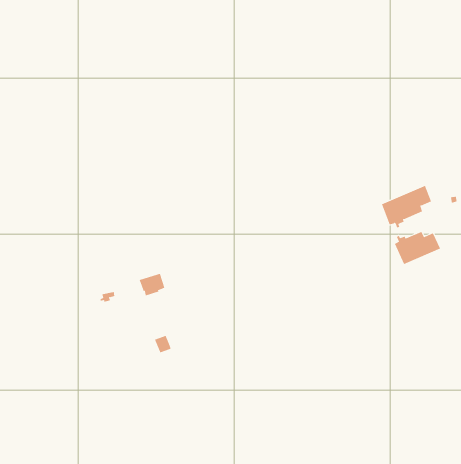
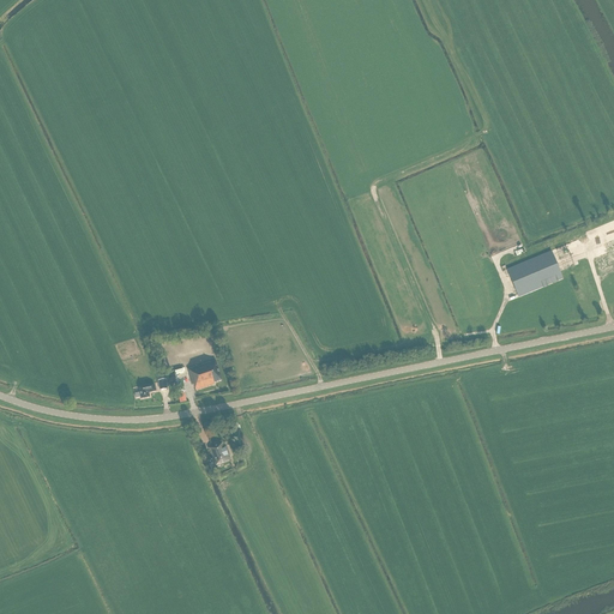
building: [394,231,441,265] -> none

